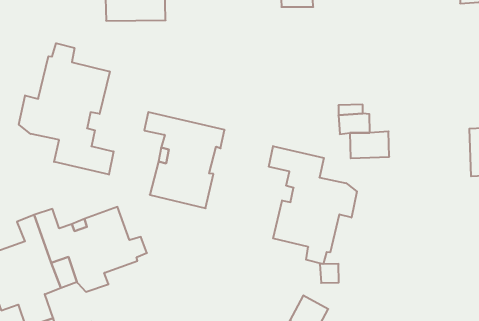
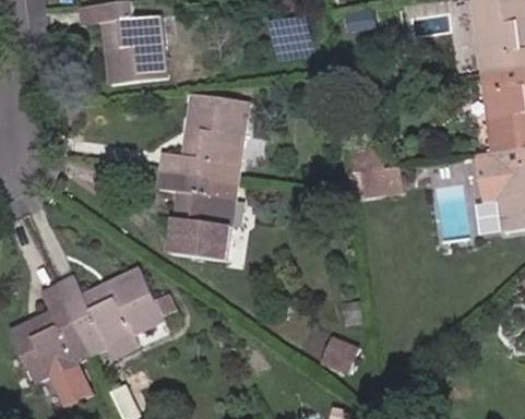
building: none -> [159,94,248,180]
building: [19,43,114,175] -> none
building: [269,146,357,264] -> none

